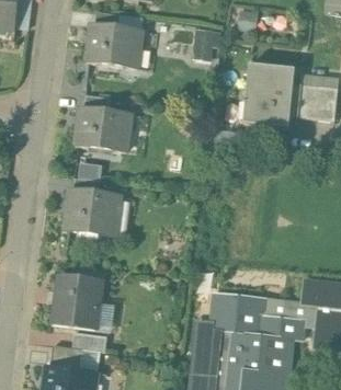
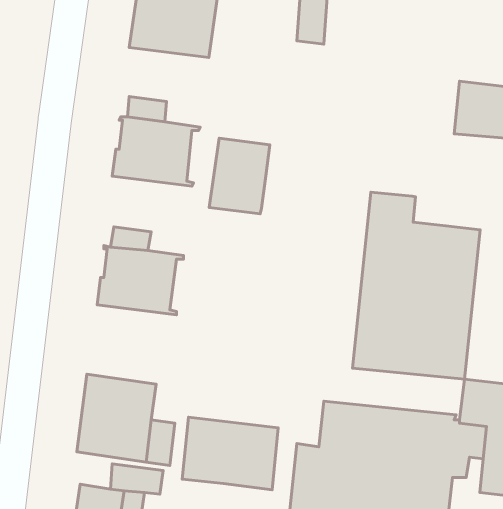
building: [242,64,295,127] -> none
building: none -> [209,138,270,214]
building: none -> [352,192,480,379]
building: none -> [182,417,278,490]

